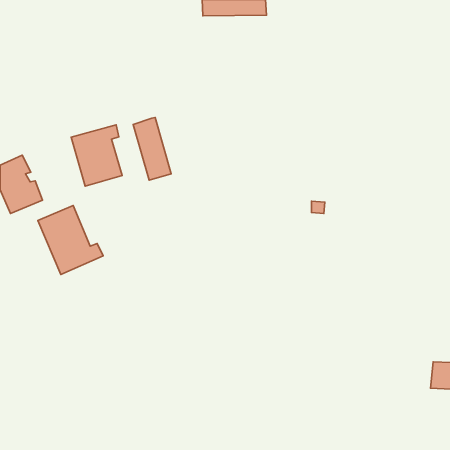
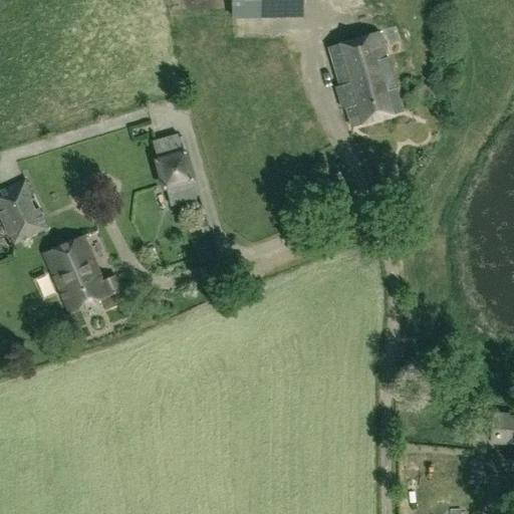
building: none -> [326,29,402,124]
building: [71,125,122,186] -> none

